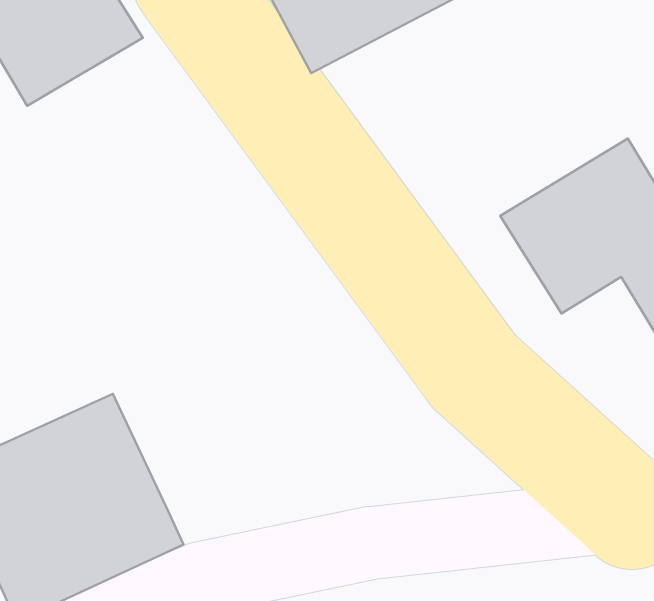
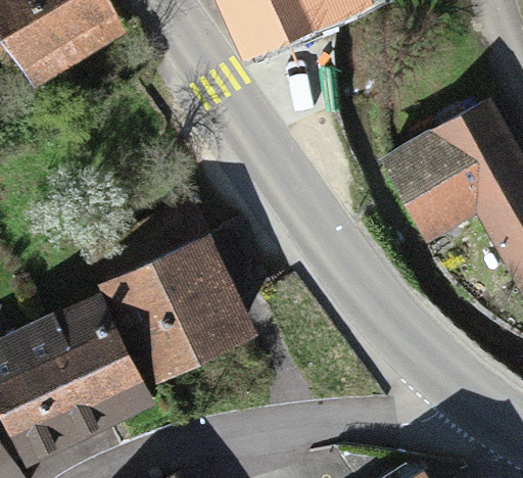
building: none -> [94,238,251,387]

